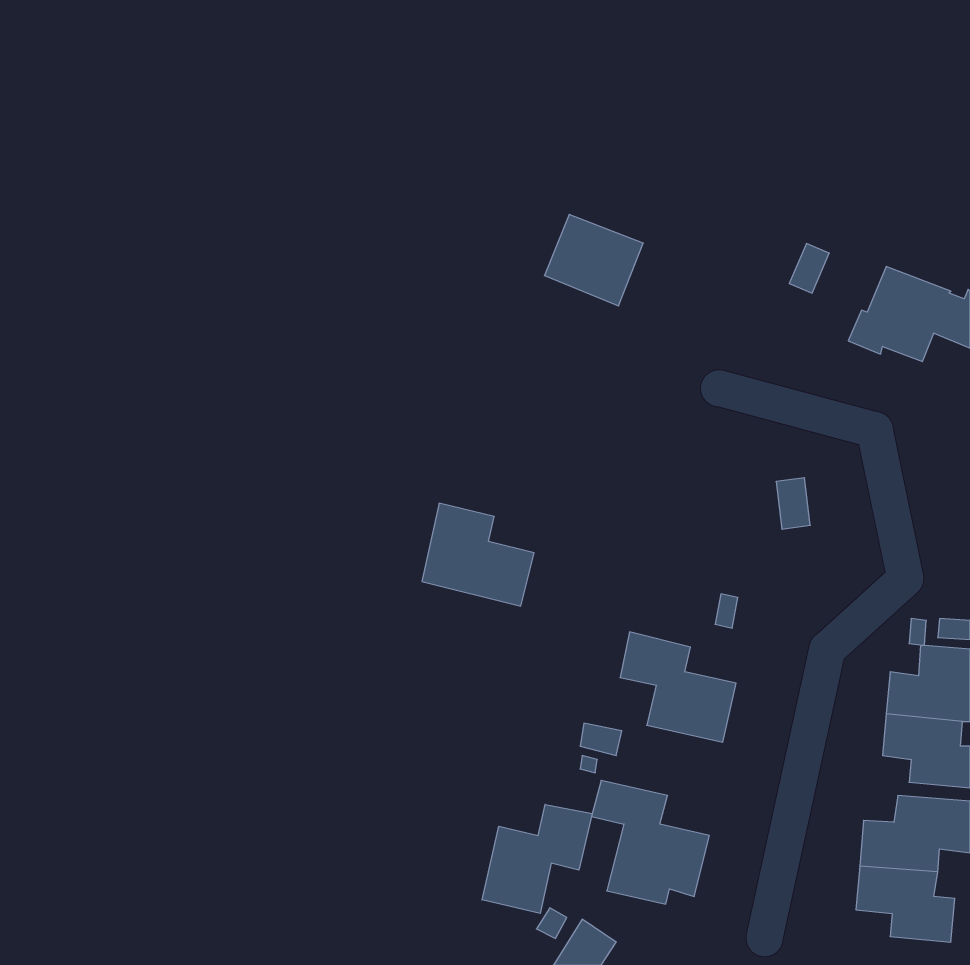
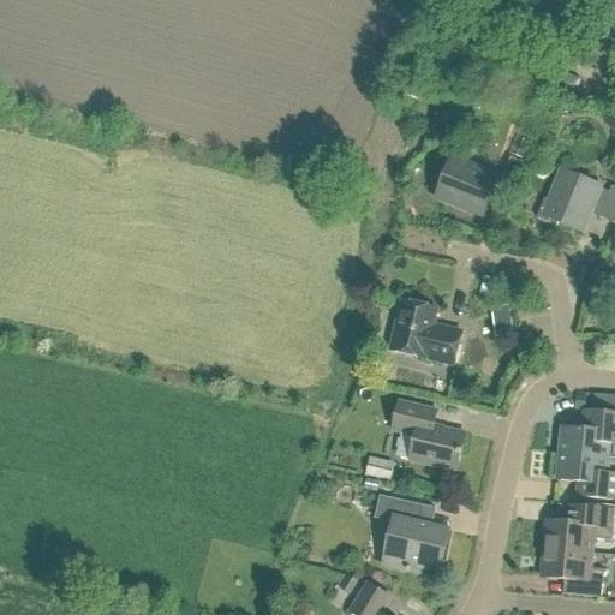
building: [544,215,643,306] -> [436,155,498,213]
building: [422,503,534,606] -> [390,298,461,363]
building: [482,804,592,913] -> none

